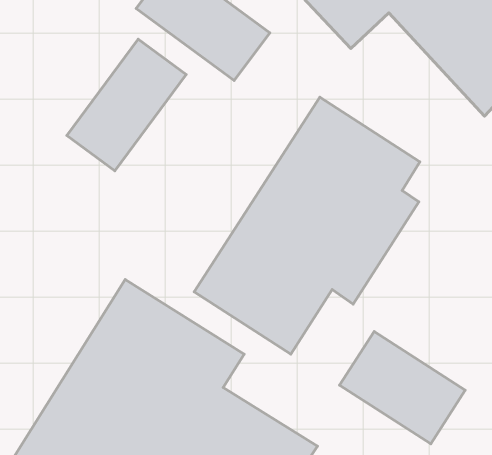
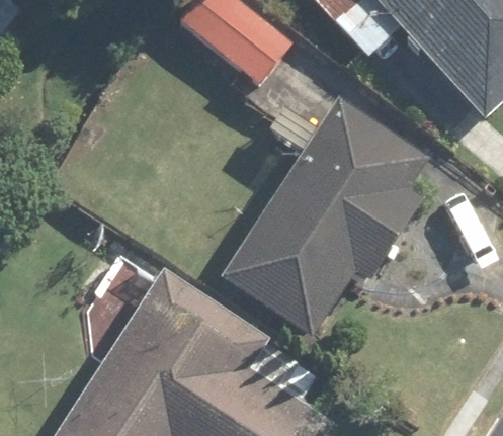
building: [67,39,186,171] -> none
building: [340,331,465,444] -> none

